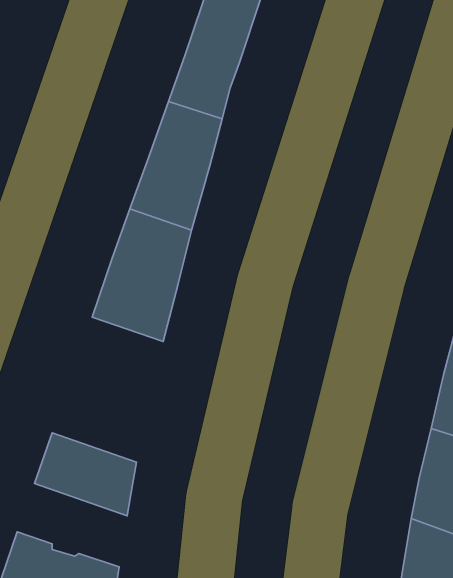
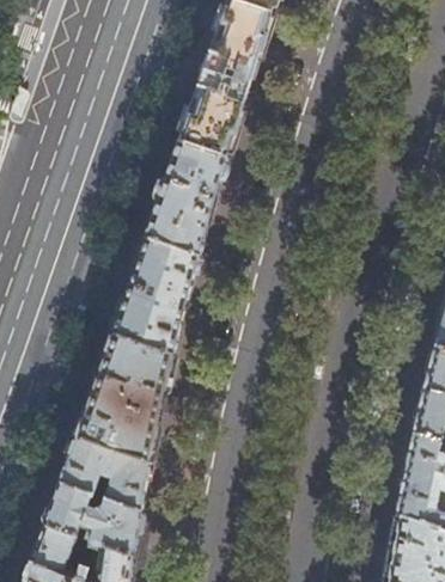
building: none -> [75,335,175,464]
building: none -> [44,483,142,557]

